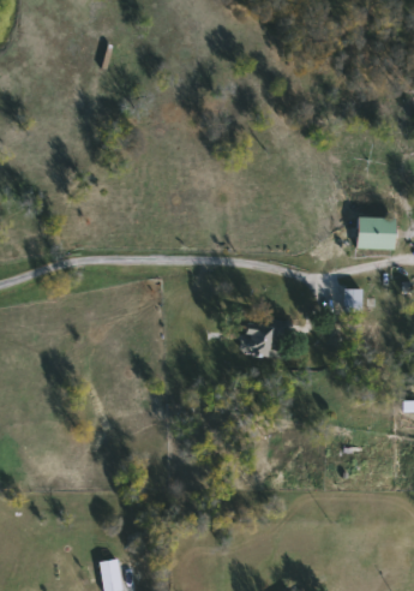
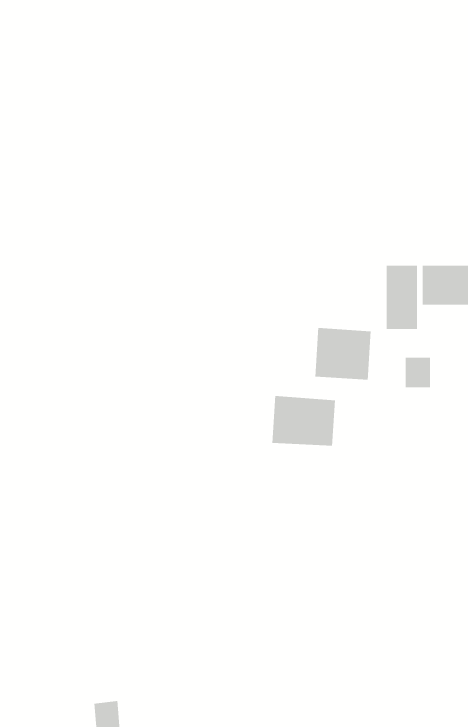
building: none -> [386,265,418,330]
building: none -> [315,327,371,381]

